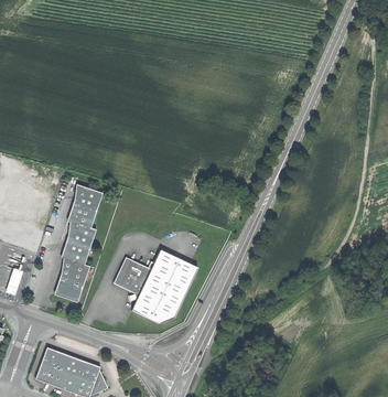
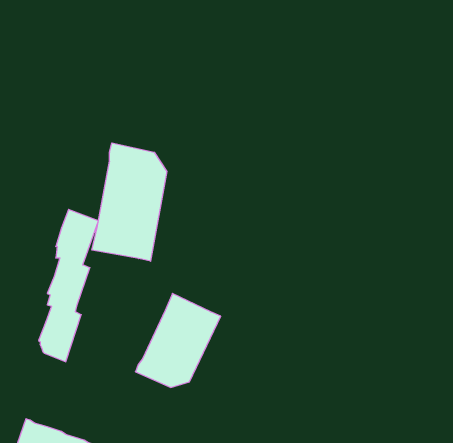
building: none -> [92,143,167,261]
building: [114,258,154,301] -> none

